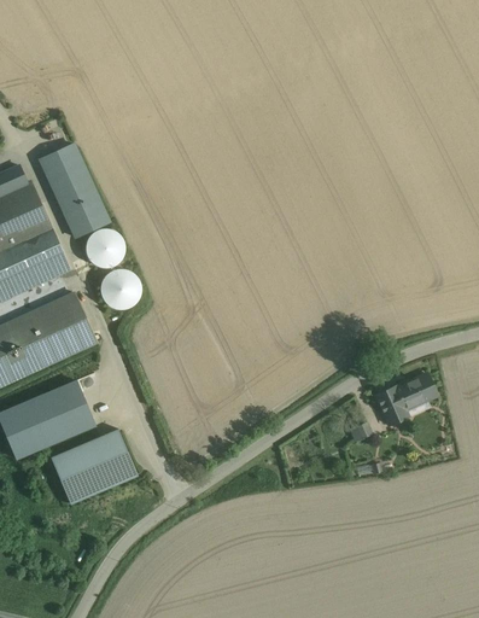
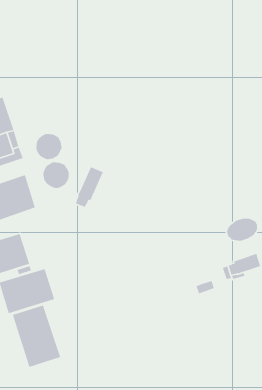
building: [40,145,109,238] -> none
building: none -> [75,166,104,208]
building: none -> [226,218,258,241]
building: none -> [12,305,61,368]

